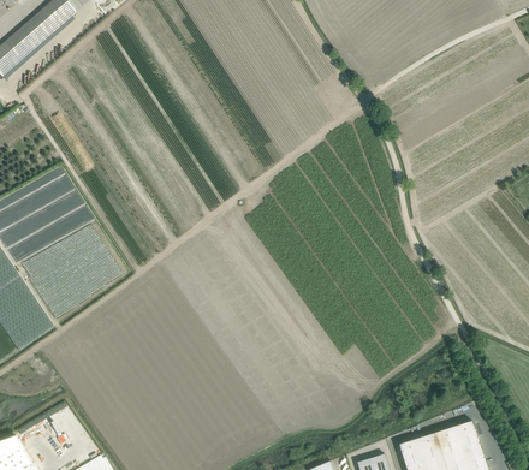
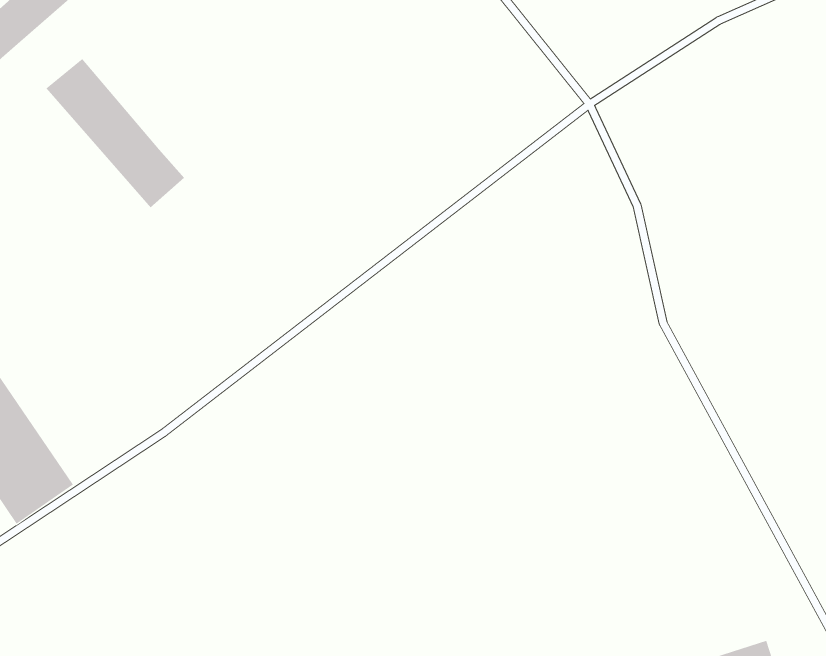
building: none -> [46,58,185,208]

